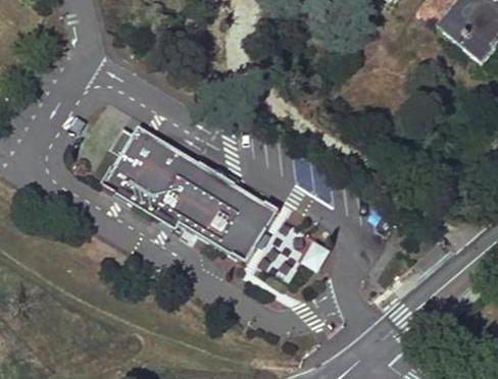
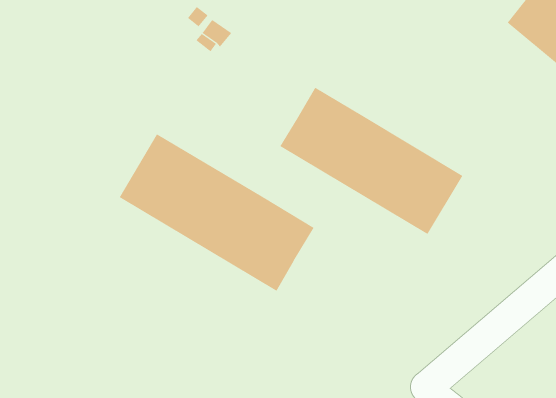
building: none -> [279,87,463,235]

